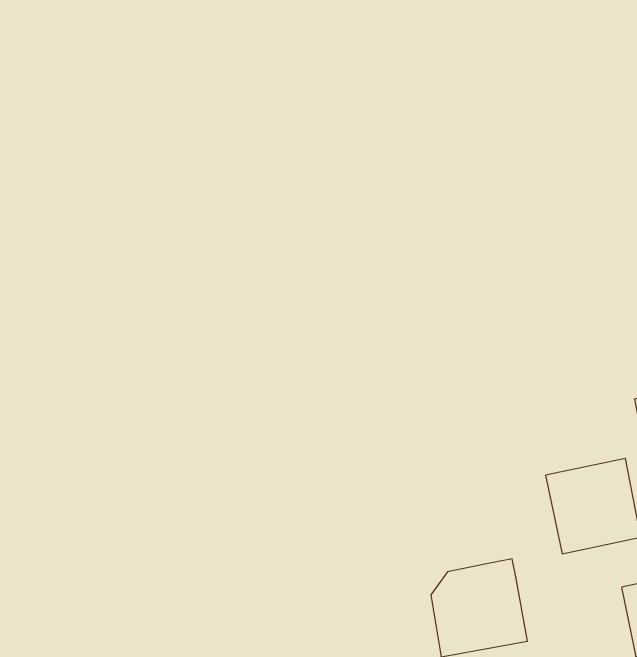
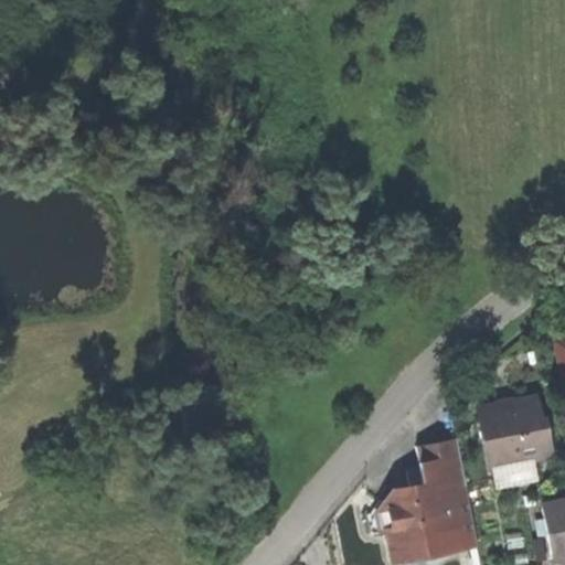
building: none -> [419,441,469,494]

